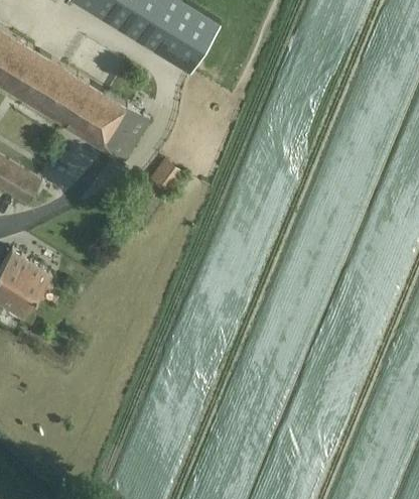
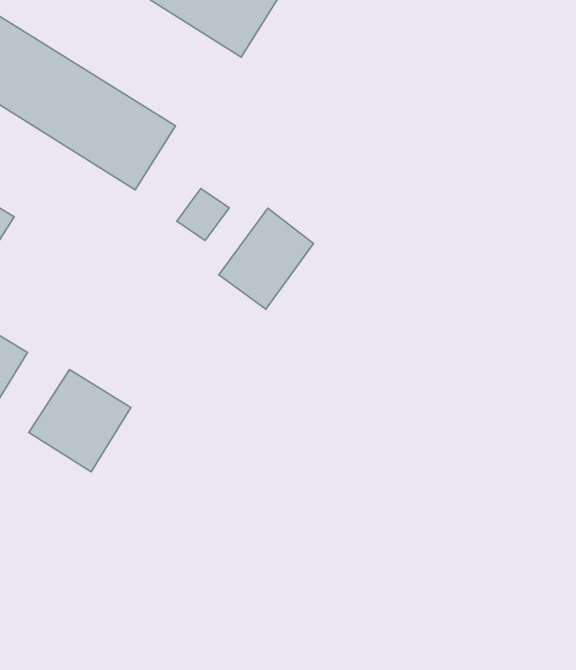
building: none -> [219,208,314,309]
building: none -> [29,370,131,472]

